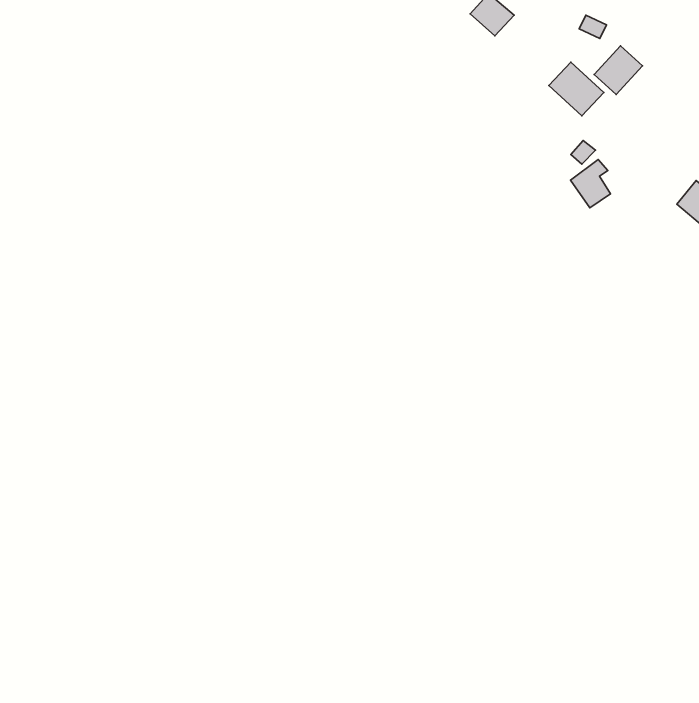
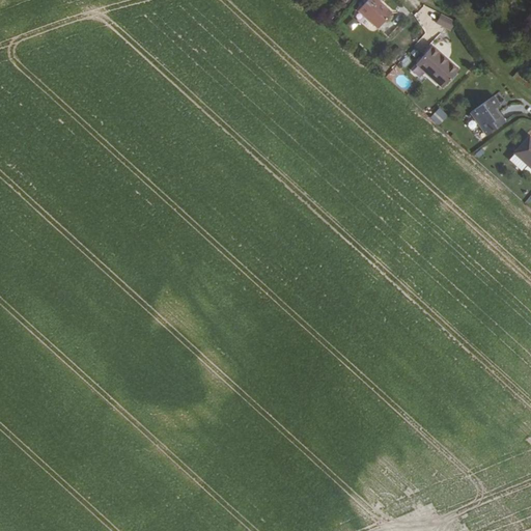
building: [594,46,642,94] -> none
building: [570,159,610,208] -> [471,95,501,132]

